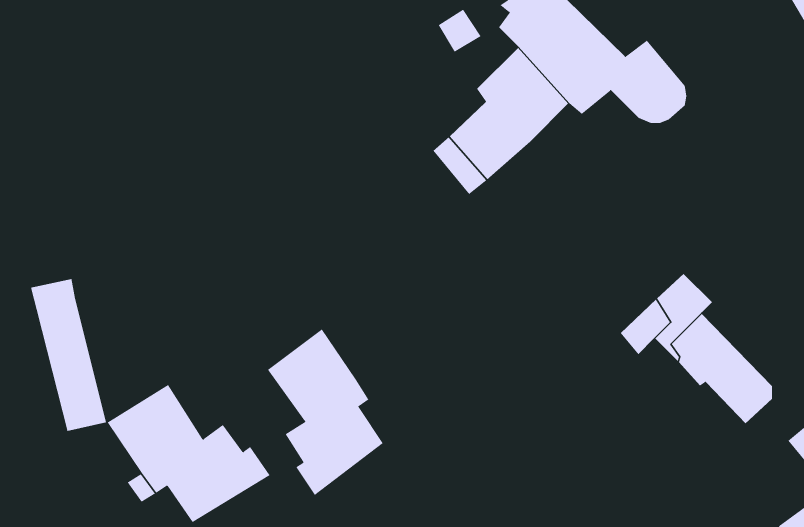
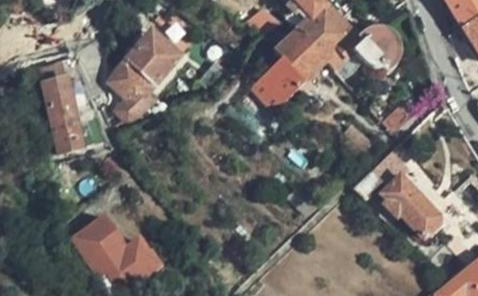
building: none -> [110,30,180,118]
building: [30,279,107,432] -> [40,66,82,150]
building: [267,328,383,496] -> none

